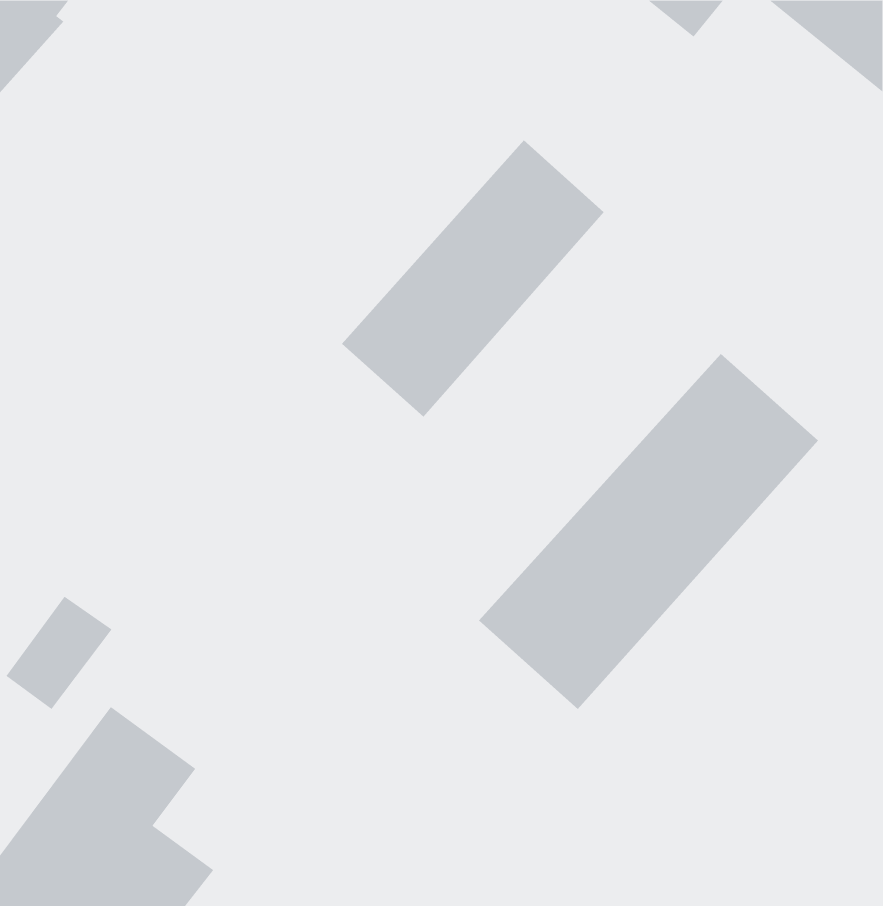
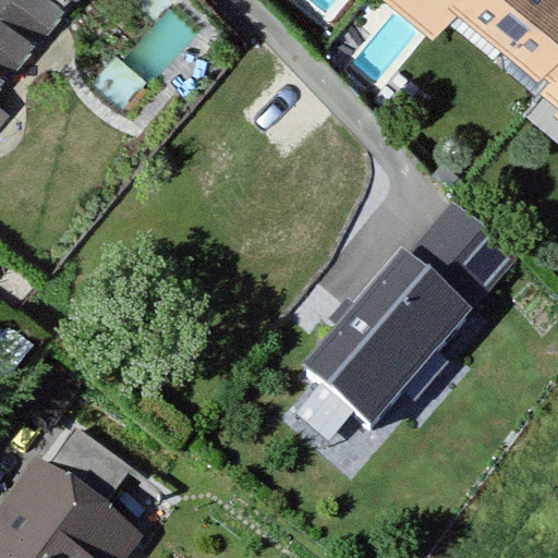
building: [341,140,605,417] -> none

